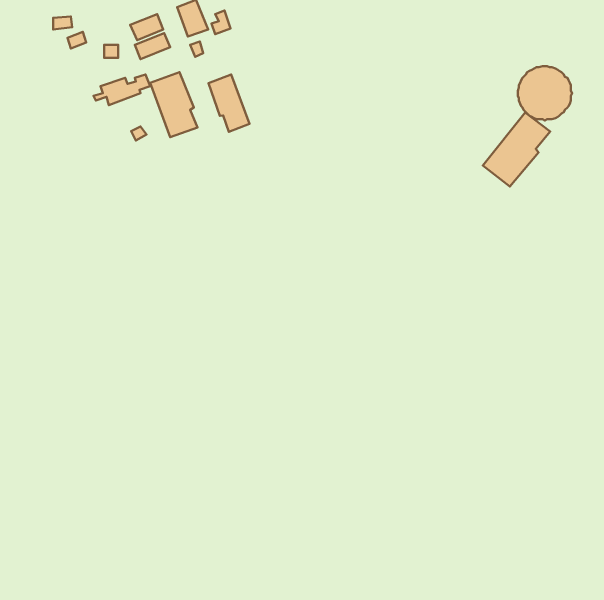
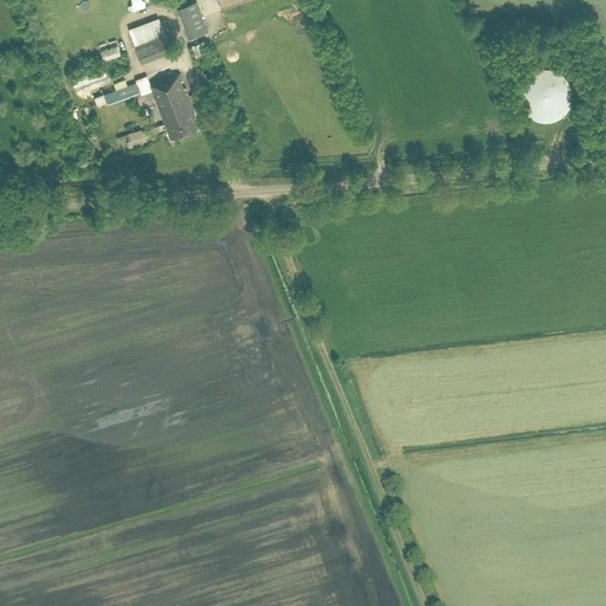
building: [209,74,249,132] -> none
building: [483,112,550,187] -> none

